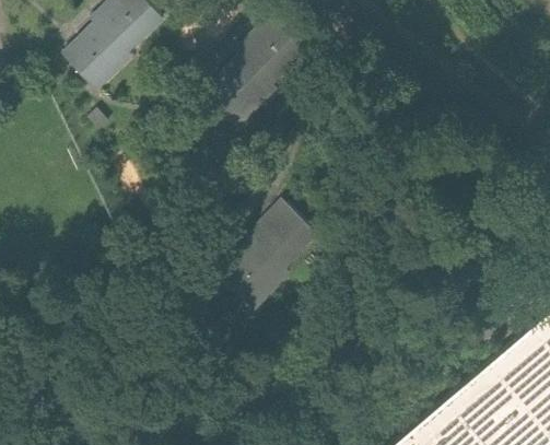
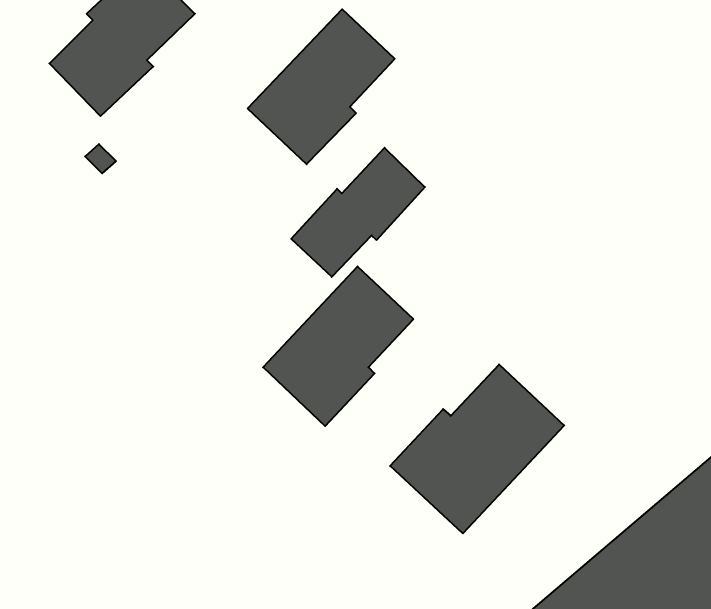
building: none -> [291,148,425,277]
building: none -> [390,364,564,533]

